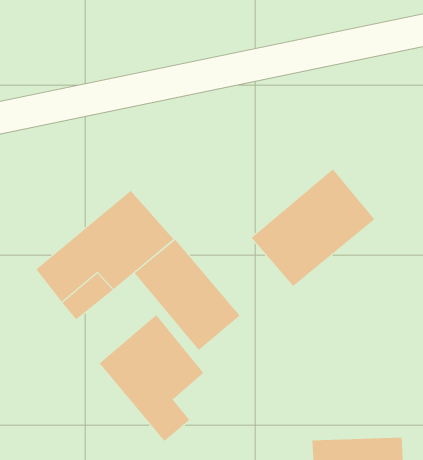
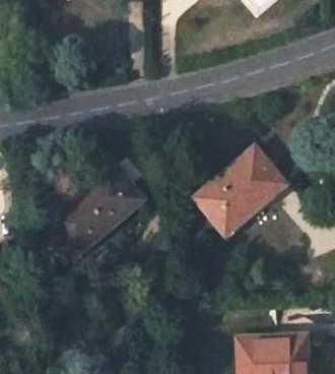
building: [134,239,240,351] -> none
building: [99,314,204,442] -> none

